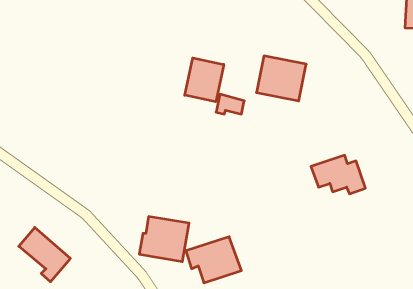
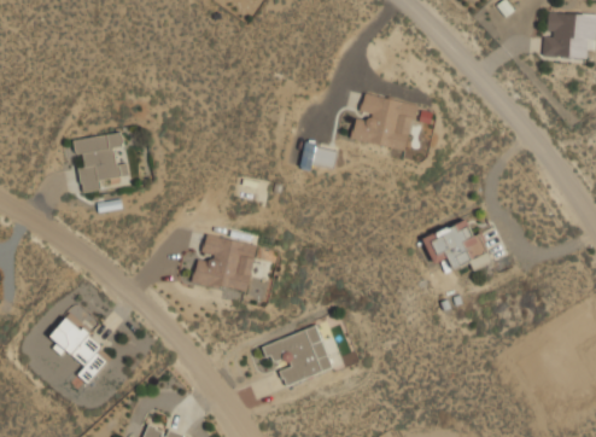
building: [185,58,224,102] -> none
building: none -> [72,132,129,192]
building: [139,217,189,262] -> [192,234,256,292]

